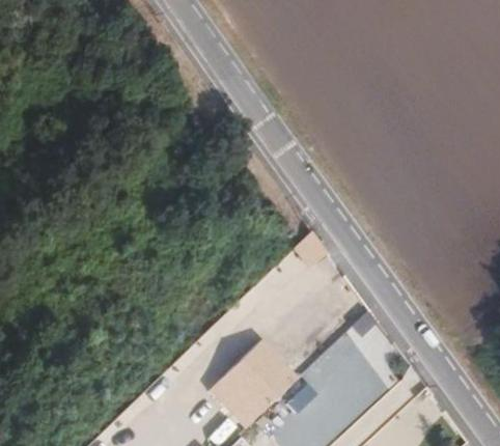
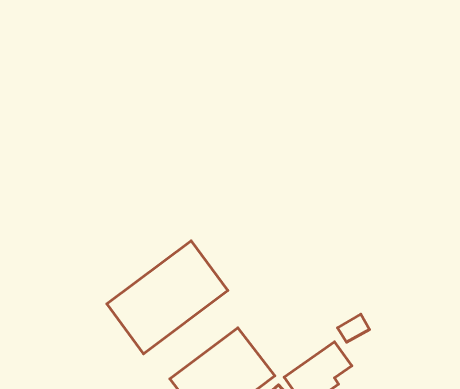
building: none -> [107,241,228,354]

